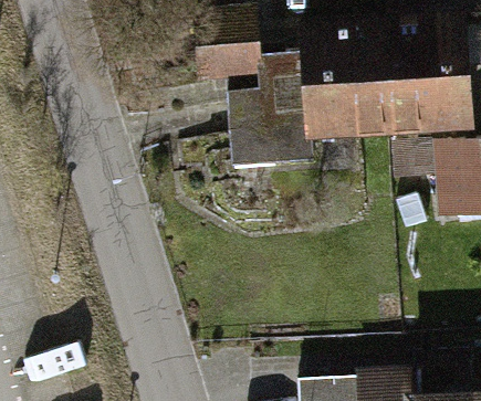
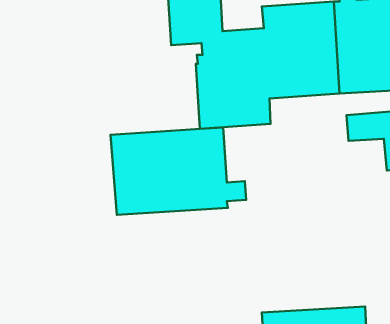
building: none -> [111,127,246,215]

